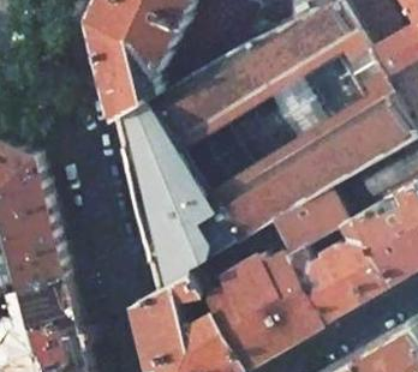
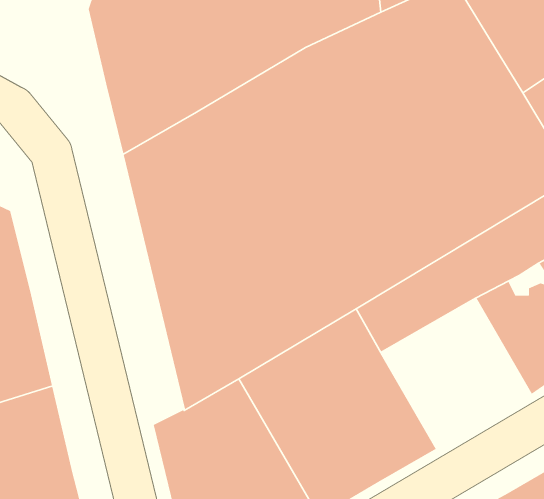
building: [286,221,389,324] -> none

